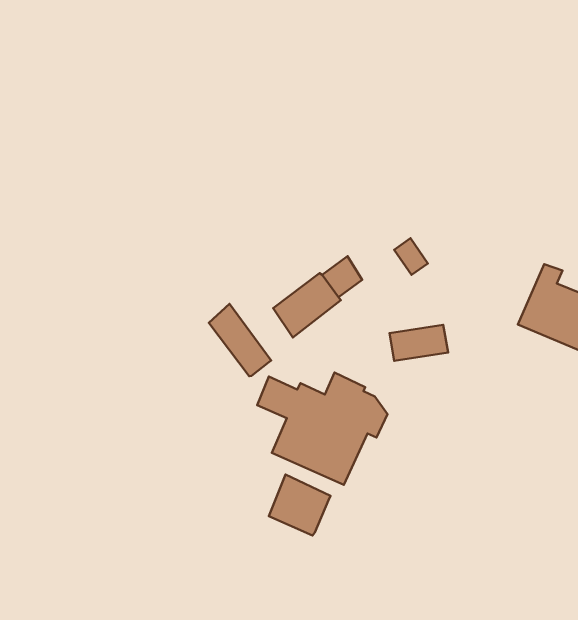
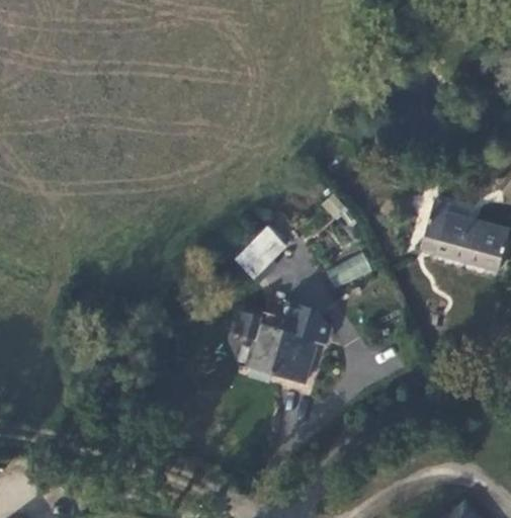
building: [209,304,271,376] -> none
building: [269,474,331,535] -> none

